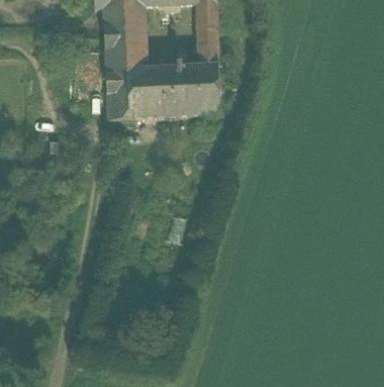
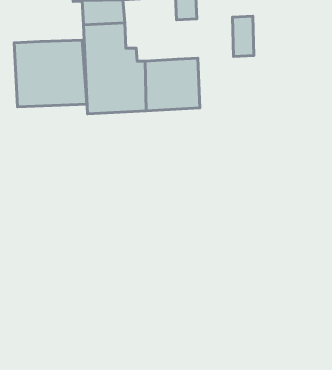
building: [197,23,218,64] -> [232,16,254,57]
building: none -> [14,40,87,107]

